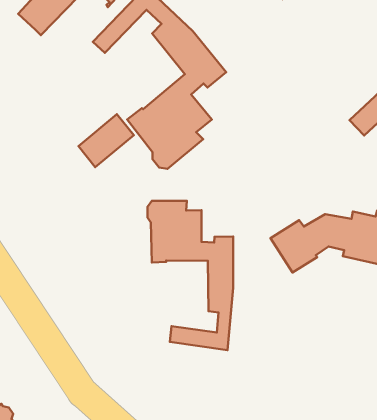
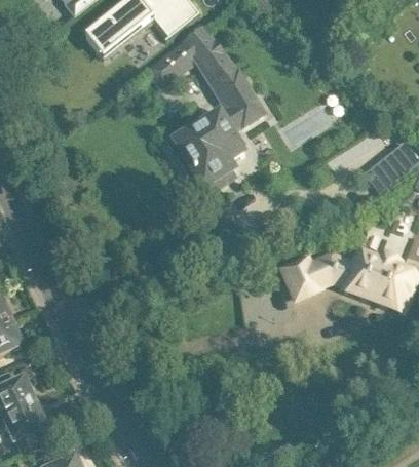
building: [78,114,134,167] -> none
building: [147,201,233,350] -> none

